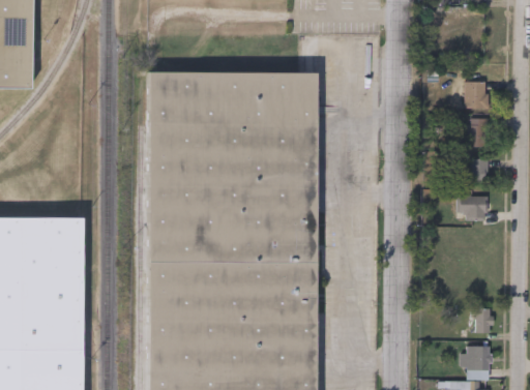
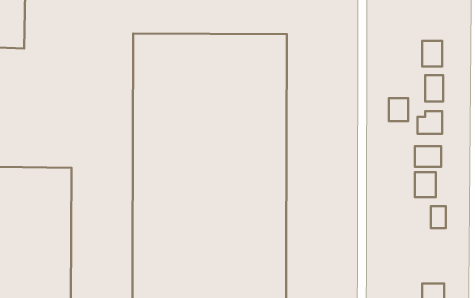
building: none -> [389,98,408,121]
building: none -> [415,172,436,197]
building: [474,307,491,331] -> [431,206,446,228]

